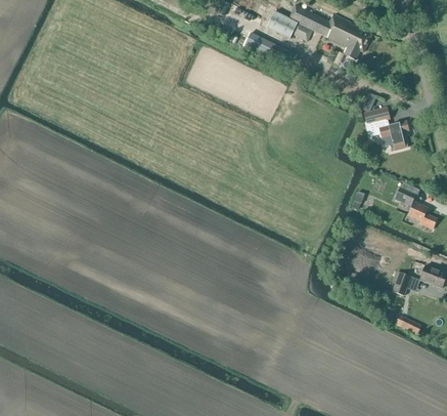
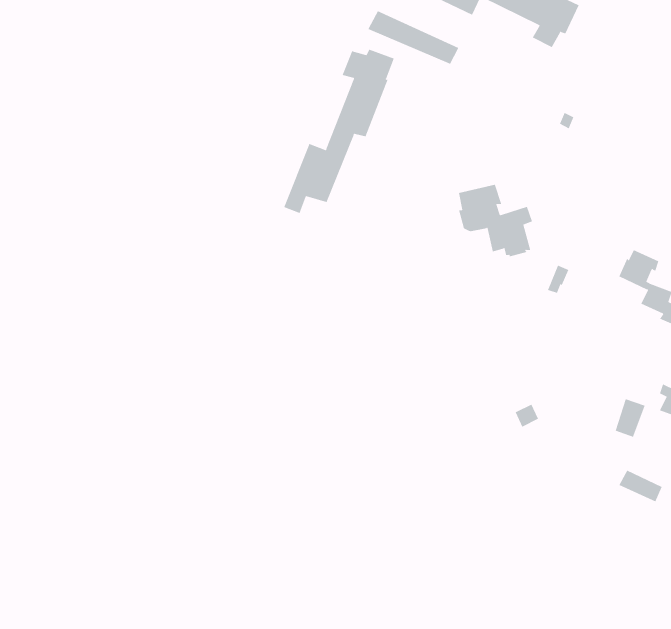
building: none -> [284,49,395,214]
building: [363,108,408,152] -> [458,184,533,257]

